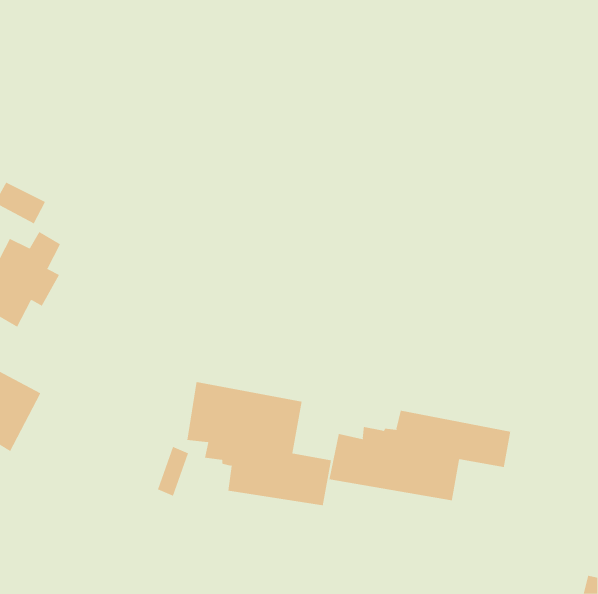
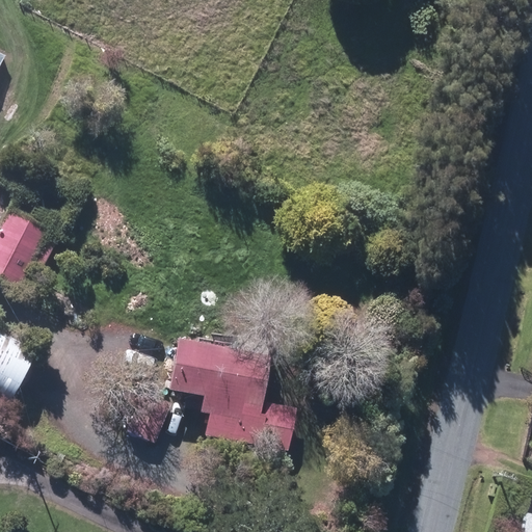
building: [329,410,511,501] -> none

